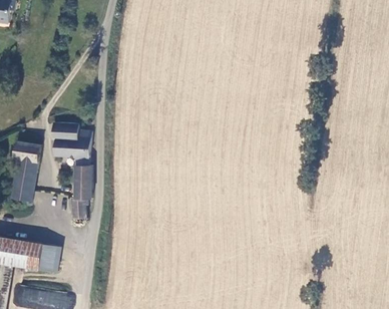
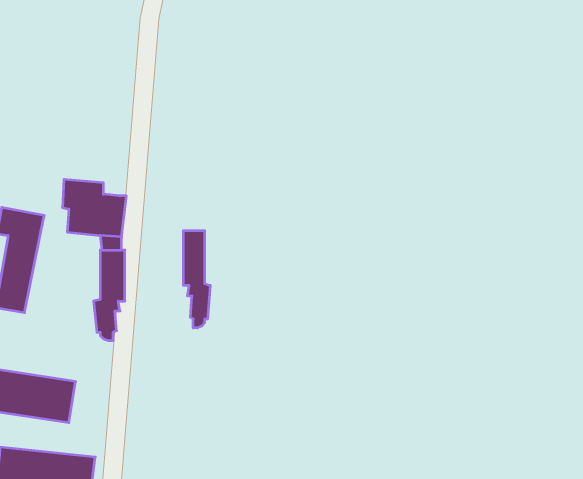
building: none -> [183,231,210,328]

